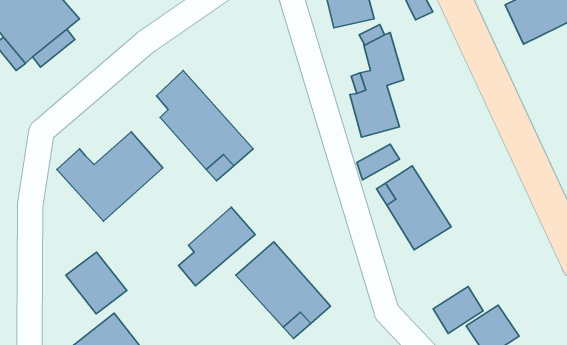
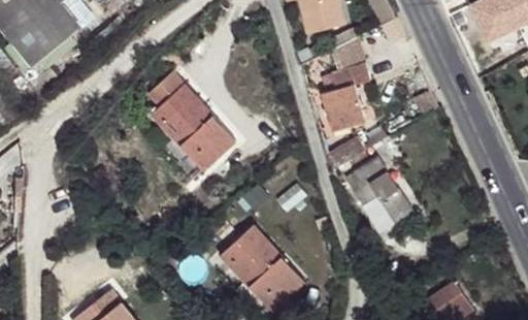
building: [57,132,163,221] -> none
building: [179,207,255,286] -> none
building: [66,252,127,314] -> none
building: [433,286,483,333] -> none

